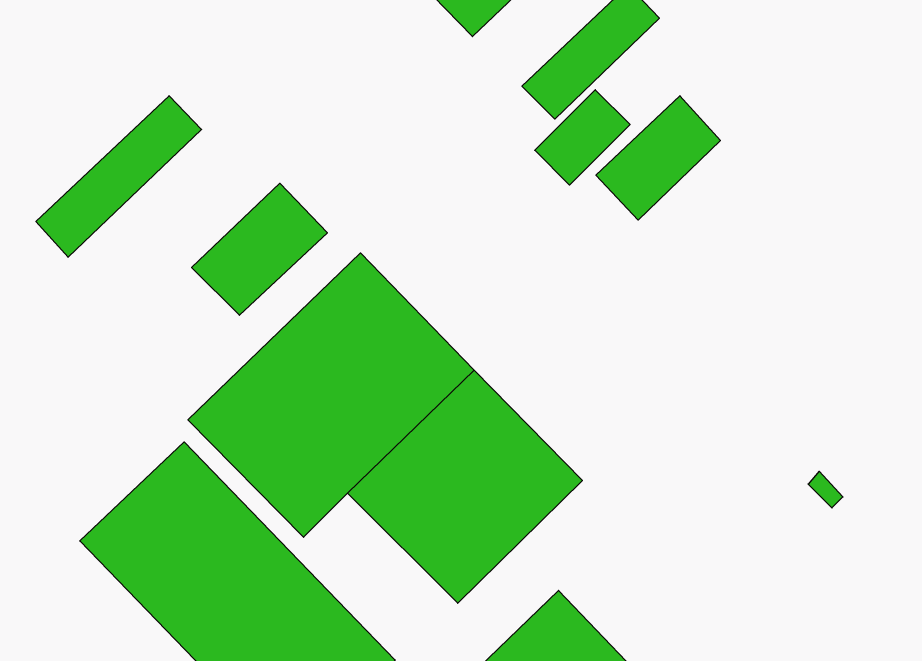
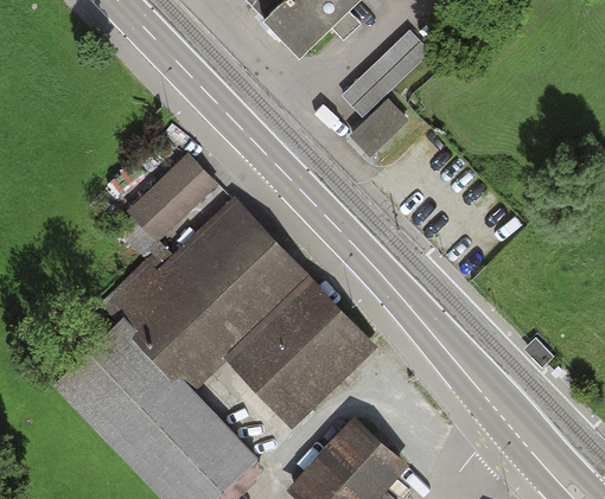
building: [596,96,720,220] -> none
building: [36,96,202,257] -> none

